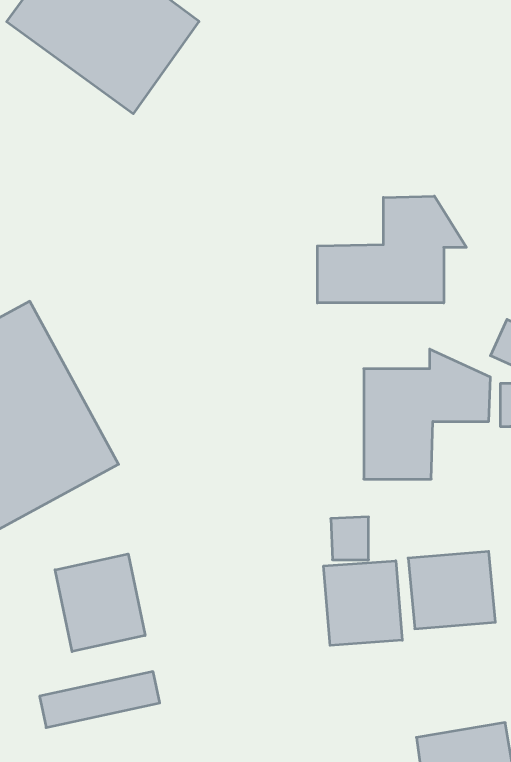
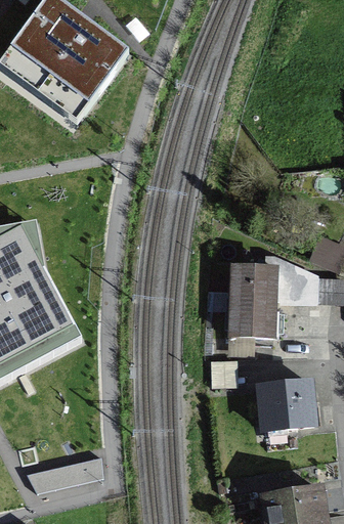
building: [317,196,466,303] -> none
building: [55,554,145,652] -> none
building: [324,561,402,645] -> none

